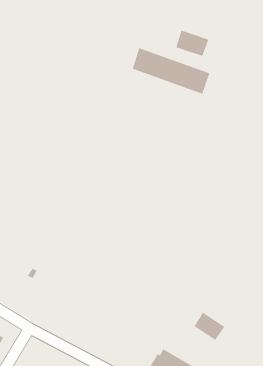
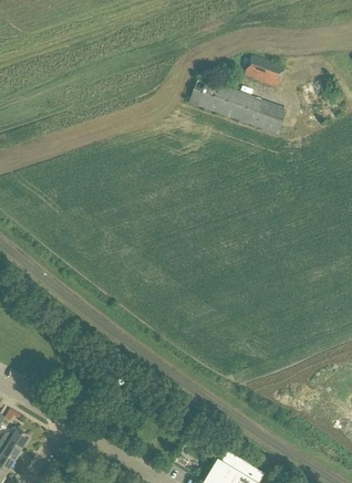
building: [194,312,225,341] -> none

